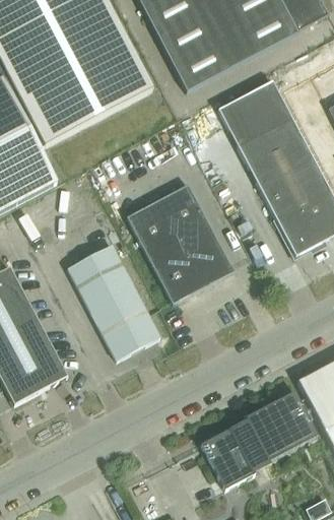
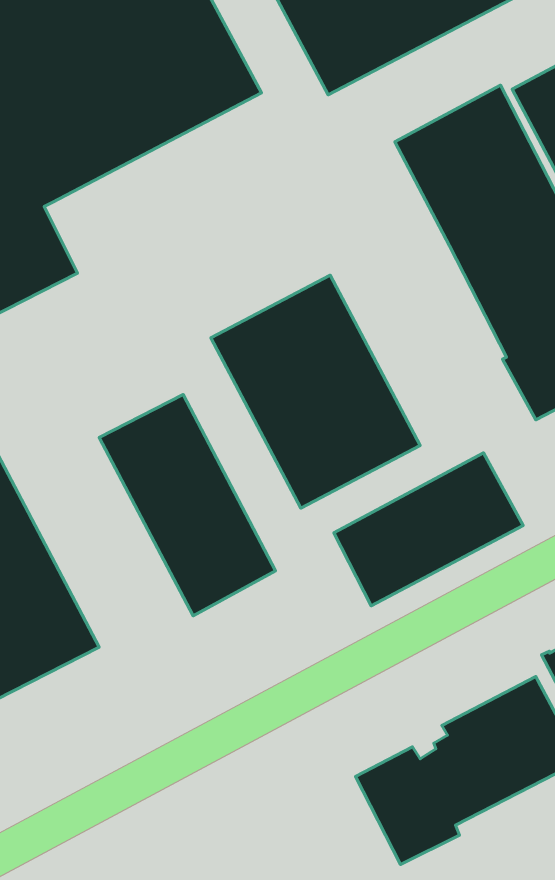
building: none -> [334,453,523,606]

